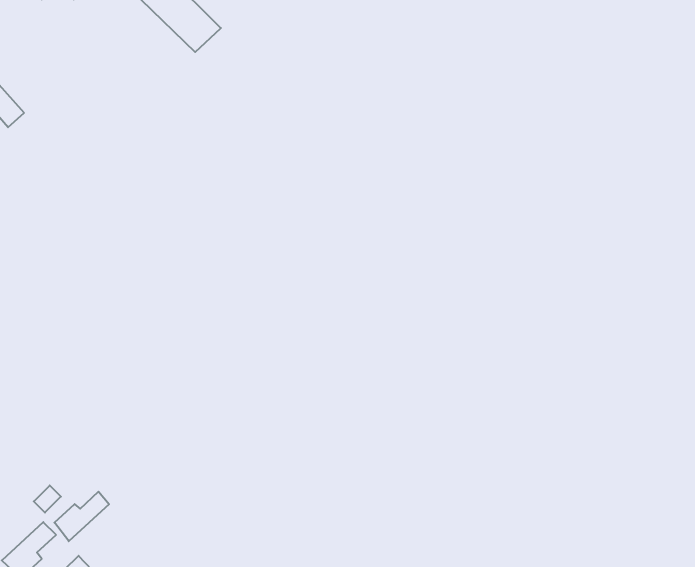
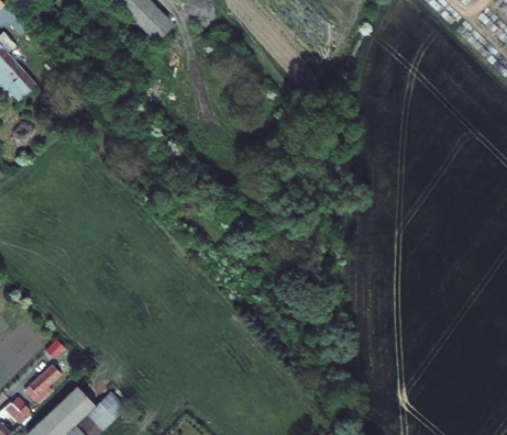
building: [54,492,109,541] -> none

